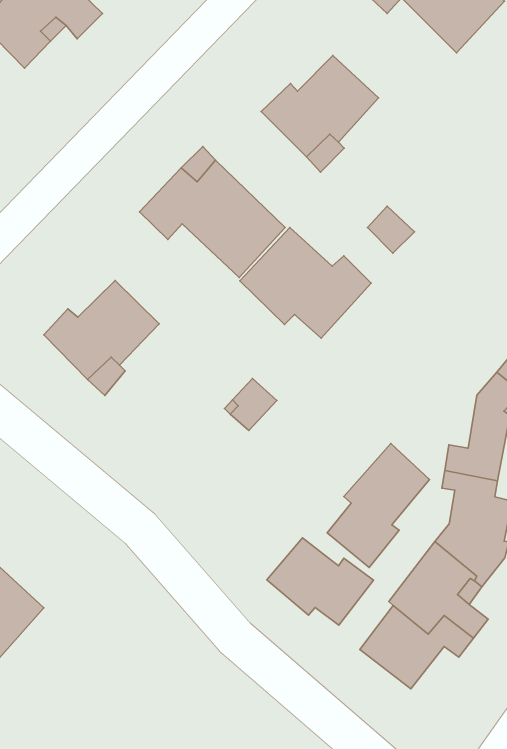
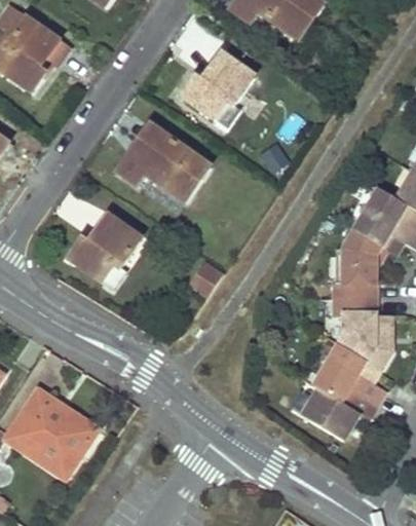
building: [240,227,371,338] -> none
building: [327,443,429,567] -> none
building: [267,538,374,625] -> none

